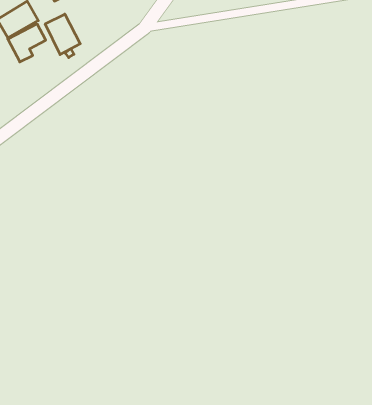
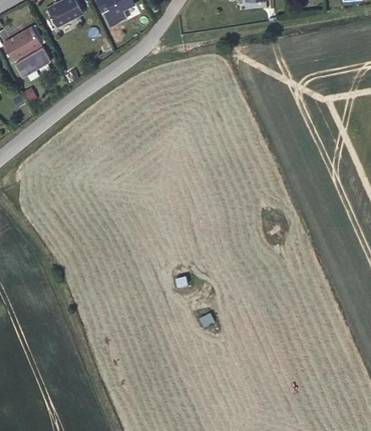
building: [45,14,80,55] -> none

